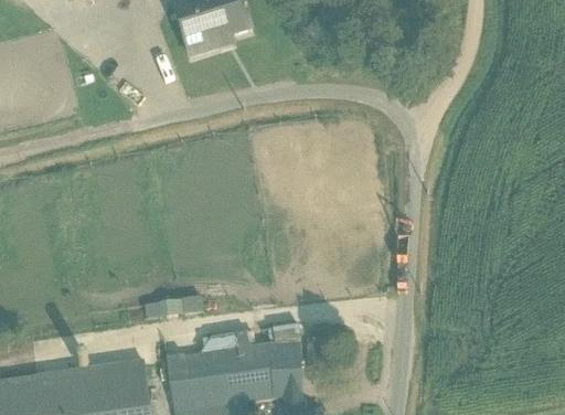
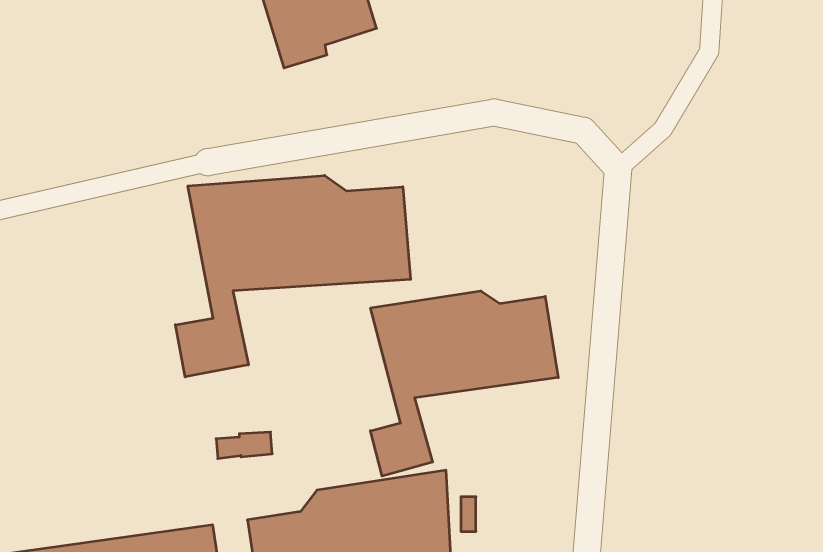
building: none -> [175,175,411,377]
building: none -> [370,291,558,476]

